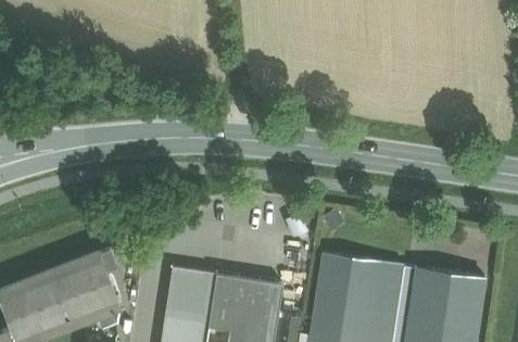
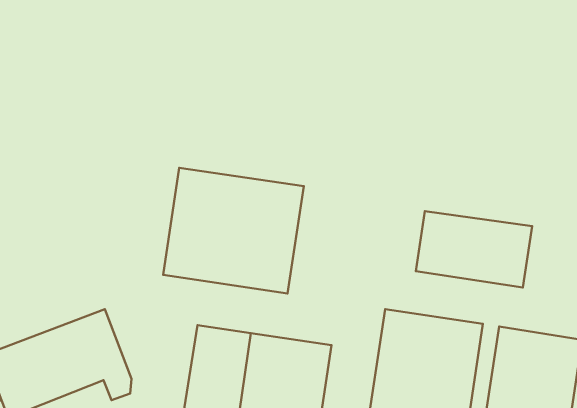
building: none -> [163,168,304,293]
building: none -> [416,211,532,288]

